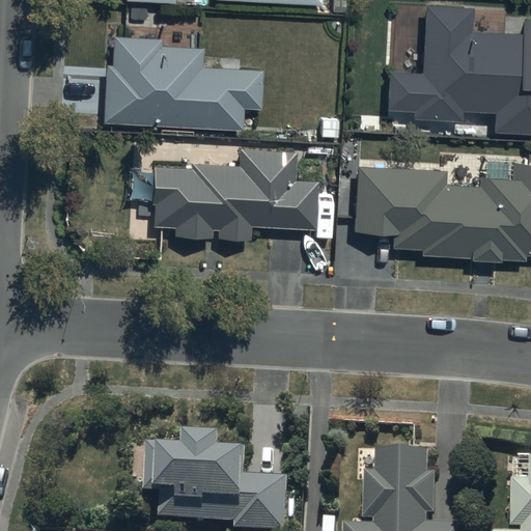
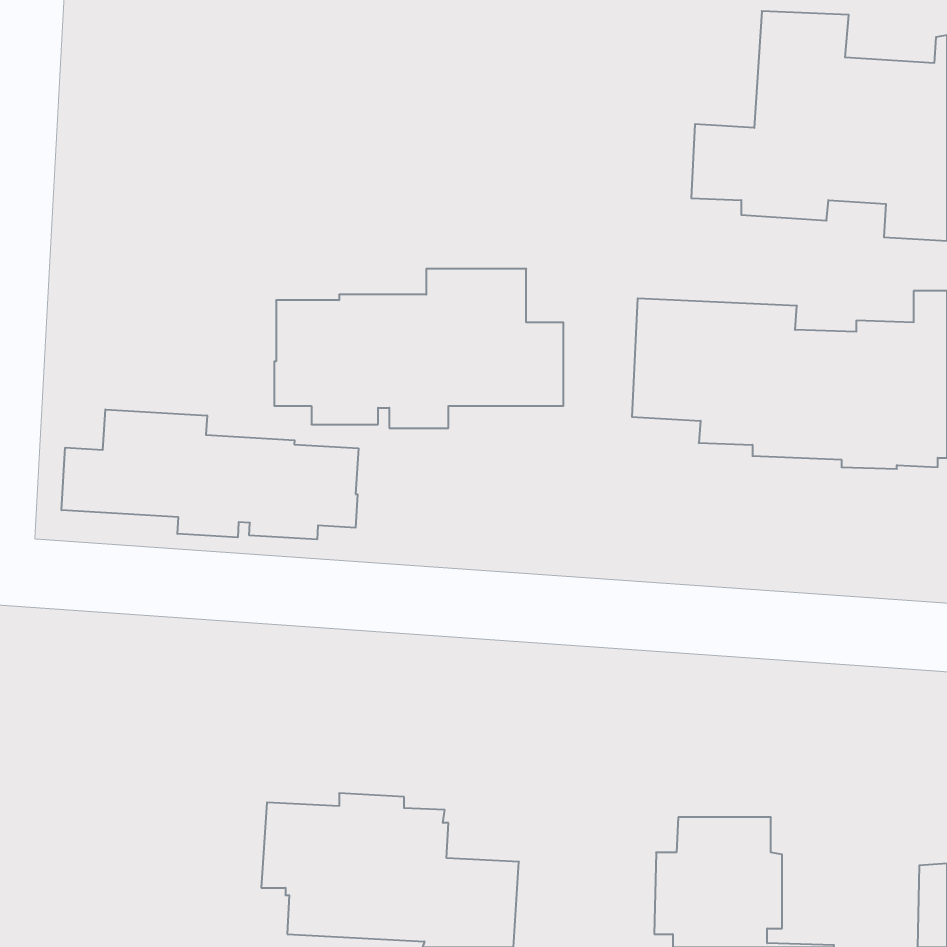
building: [103,36,262,131] -> none
building: none -> [62,409,358,539]

